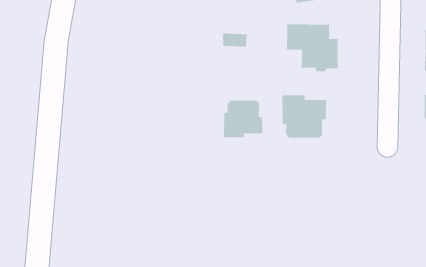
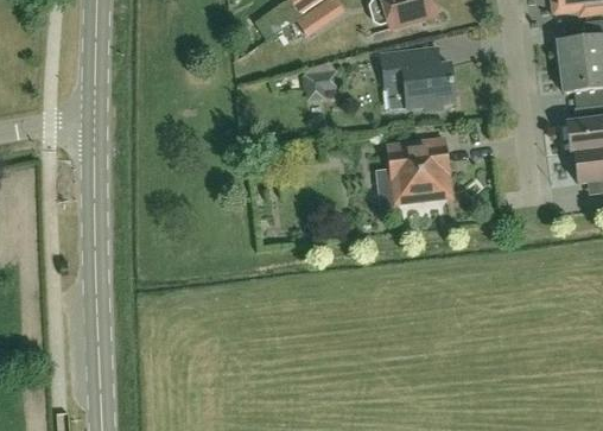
building: [224,100,263,138] -> none

